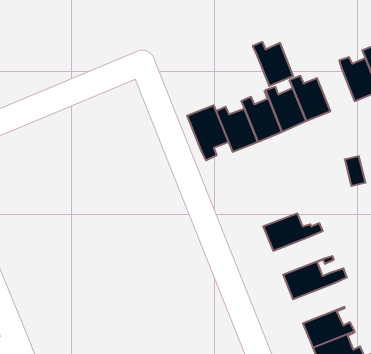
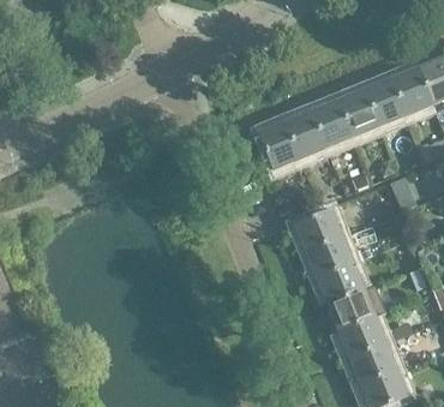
building: [253,42,293,86] -> [358,79,402,127]
building: [187,105,228,160] -> none
building: none -> [292,211,348,253]
building: none -> [313,265,370,306]
building: none -> [335,315,391,359]

